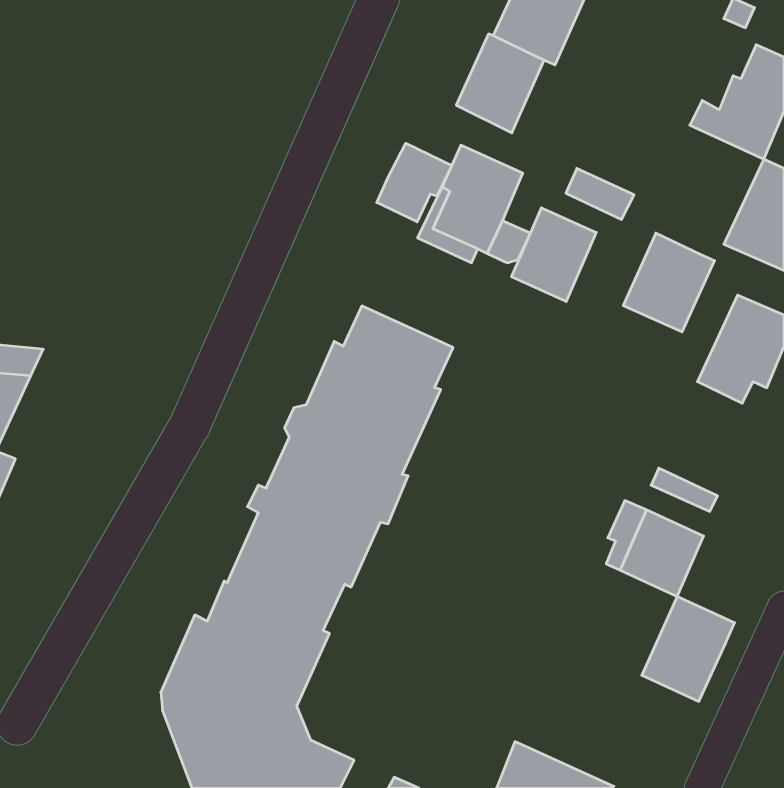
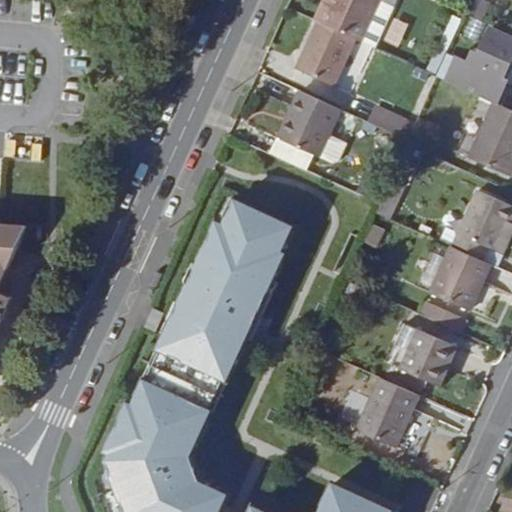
building: [377,143,452,222] -> none
building: [512,208,596,302] -> none
building: [623,233,715,332] -> [430,247,489,311]
building: [642,596,735,701] -> [357,379,417,447]

